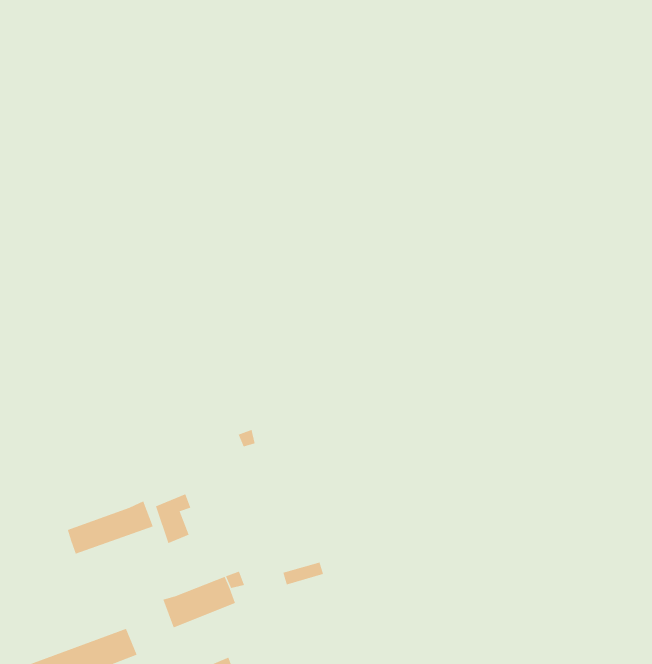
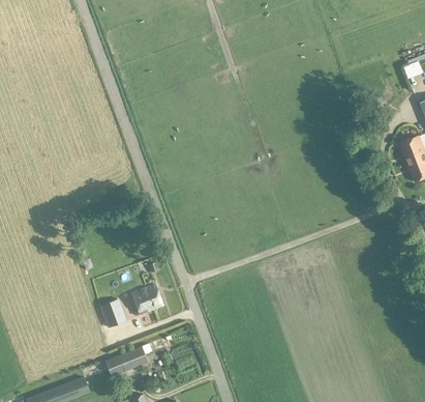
building: none -> [130,283,163,314]
building: [67,501,153,555] -> none

